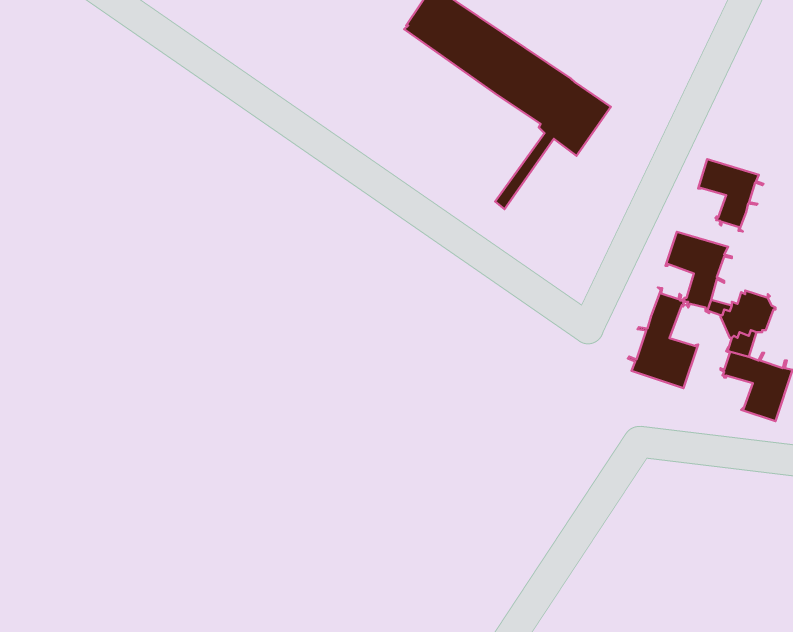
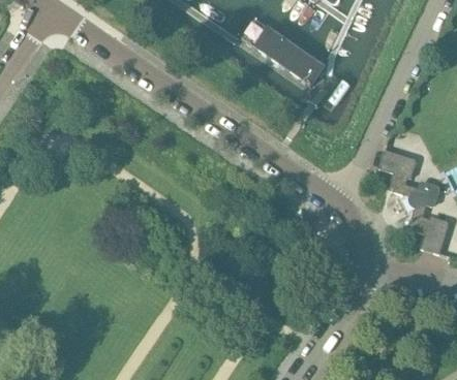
building: [698,159,764,232] -> none
building: [628,287,698,388] -> none

